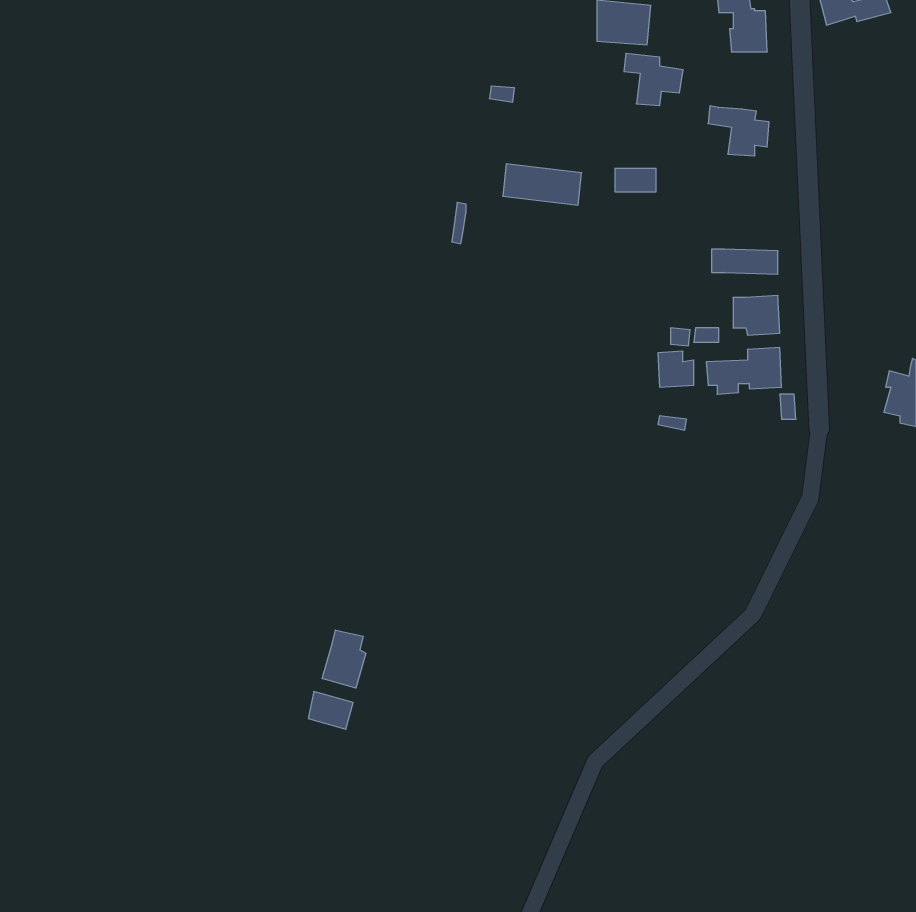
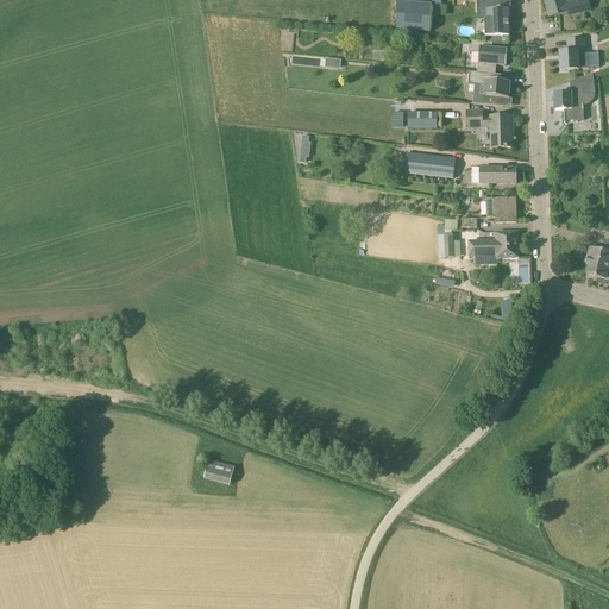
building: [624,54,683,106] -> [469,38,508,73]
building: none -> [560,37,589,69]
building: none -> [554,73,595,120]
building: [503,164,582,205] -> [403,151,456,178]
building: none -> [466,109,513,147]
building: [322,630,366,688] -> none

